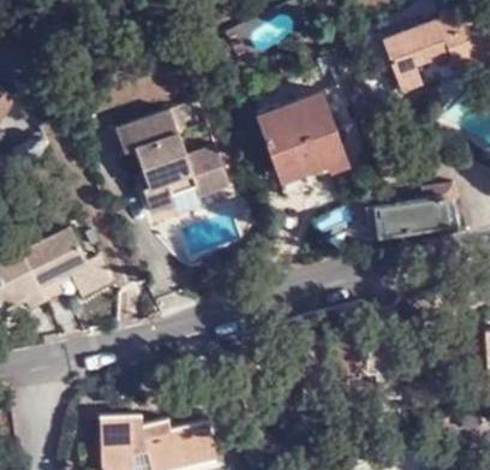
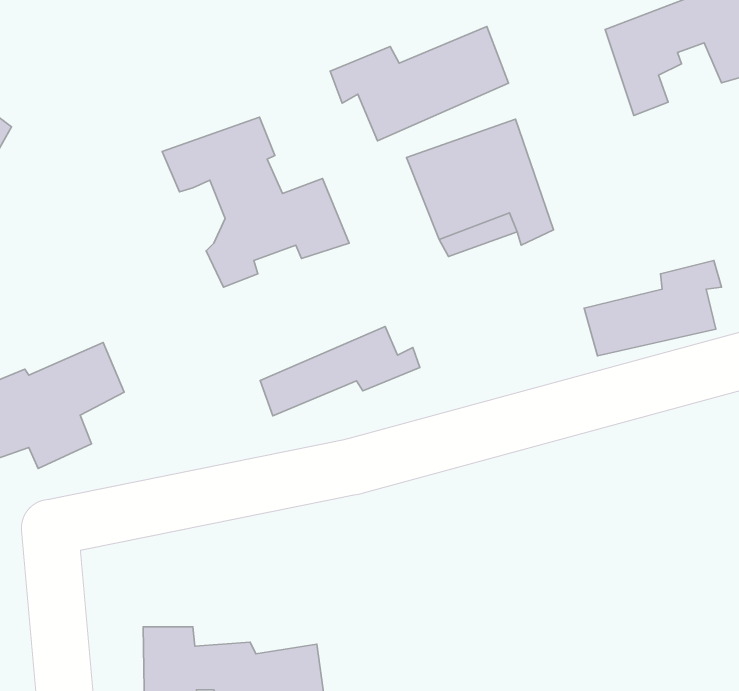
building: none -> [330,26,509,141]
building: none -> [260,327,420,416]

